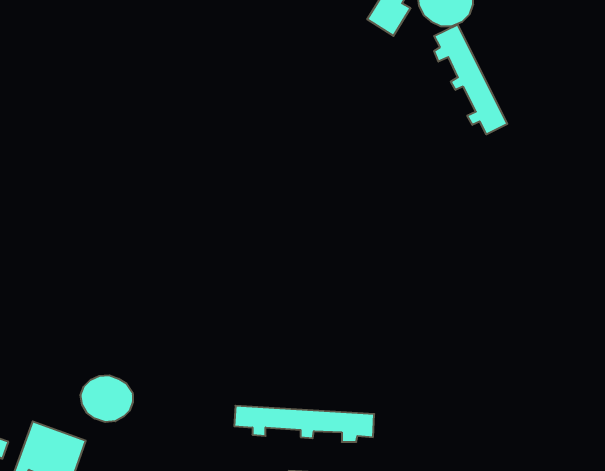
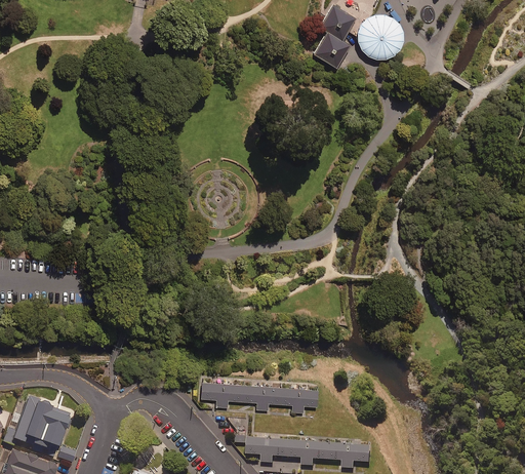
building: [434,25,507,134] -> none
building: [81,375,133,422] -> none

